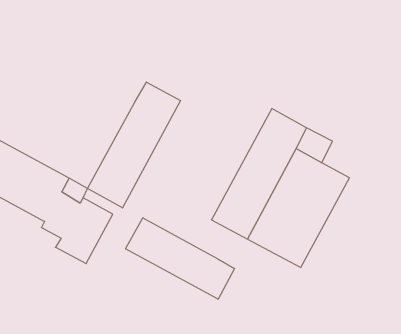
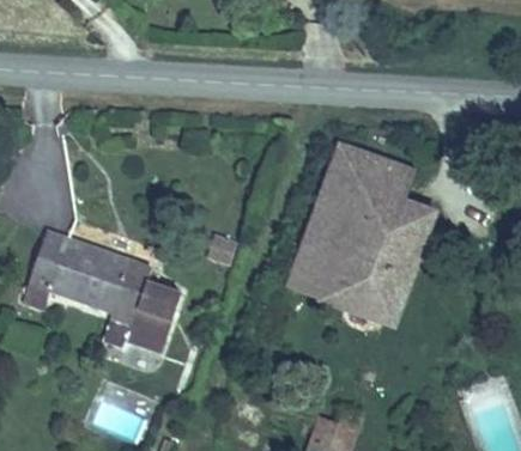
building: [88,82,181,208] -> none
building: [126,218,235,299] -> none

